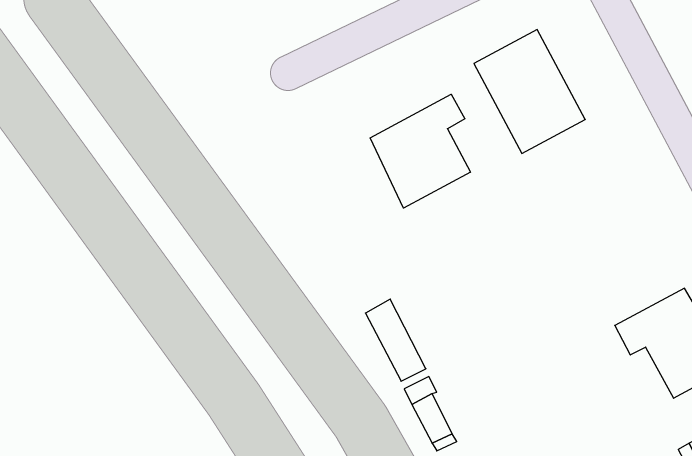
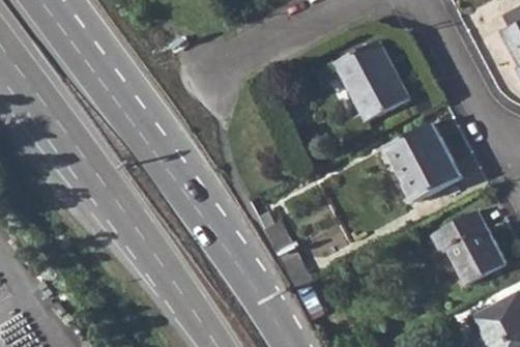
building: [370,94,470,208] -> none
building: none -> [386,122,461,202]

